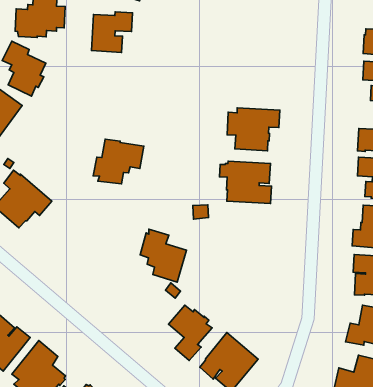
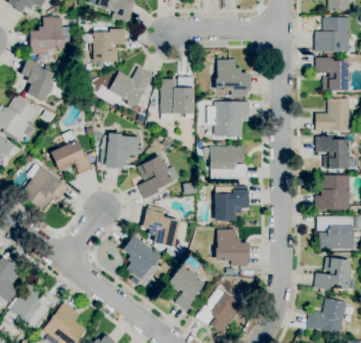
building: none -> [216,58,250,96]
building: none -> [105,67,154,105]
building: none -> [161,77,194,114]
building: none -> [50,130,92,174]
building: none -> [137,155,180,199]
building: none -> [210,185,250,221]
building: none -> [215,229,250,265]
building: none -> [122,234,161,282]

